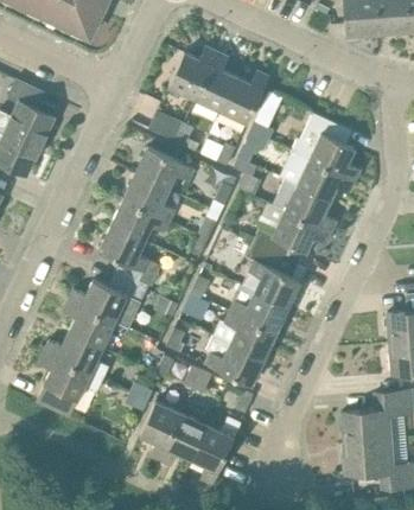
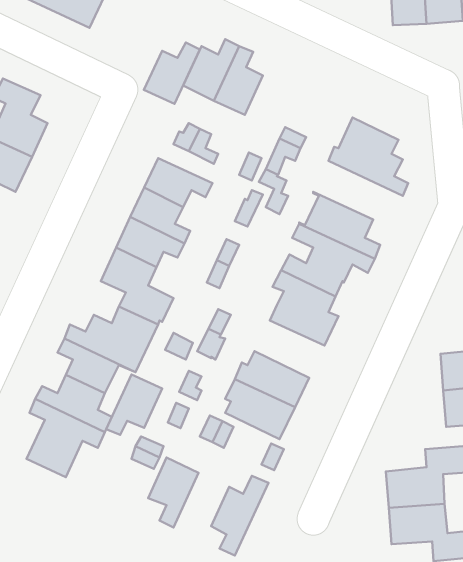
building: [221,71,268,123] -> [144,42,200,104]
building: [279,151,355,200] -> none
building: [229,285,288,334] -> none
building: [160,415,208,466] -> [106,375,162,435]

